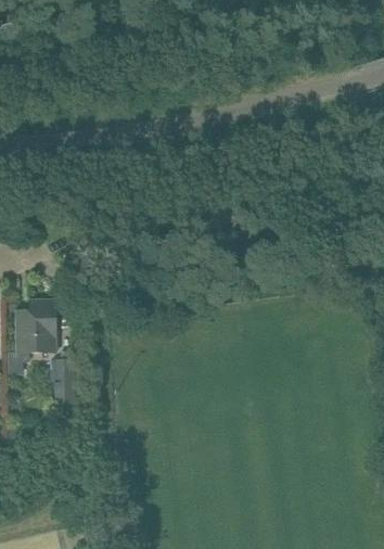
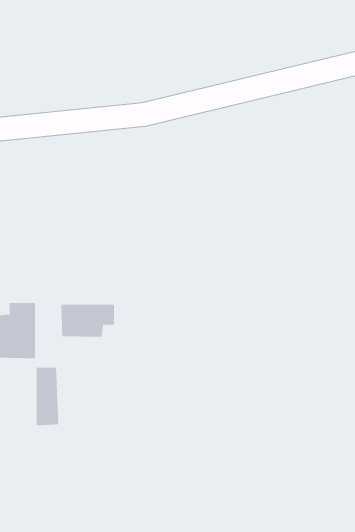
building: none -> [61,304,115,338]

